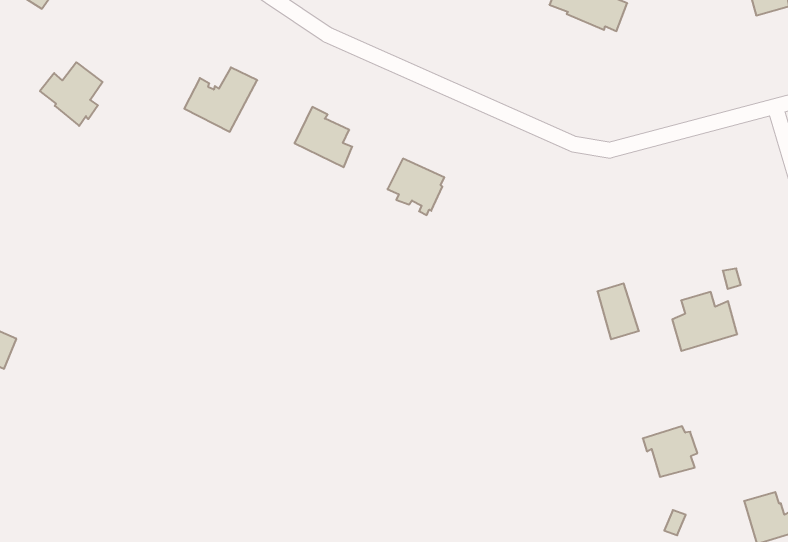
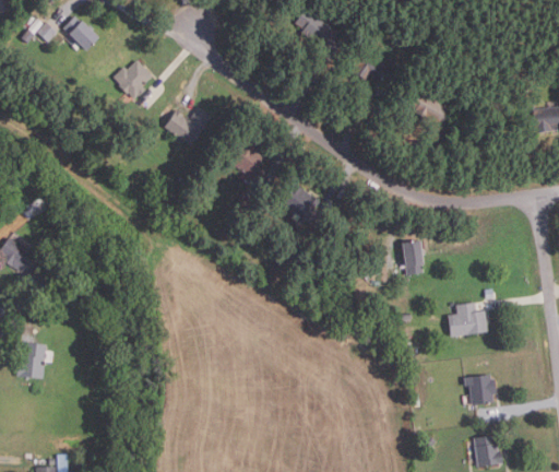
building: [40,62,103,126] -> [110,60,151,101]
building: [597,283,639,339] -> [402,239,424,273]
building: [643,426,697,477] -> [463,374,496,403]
building: none -> [15,342,46,378]

